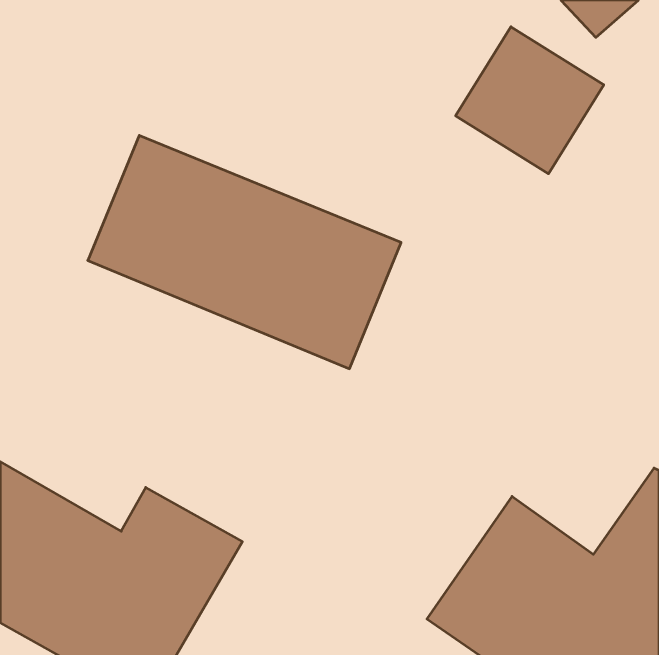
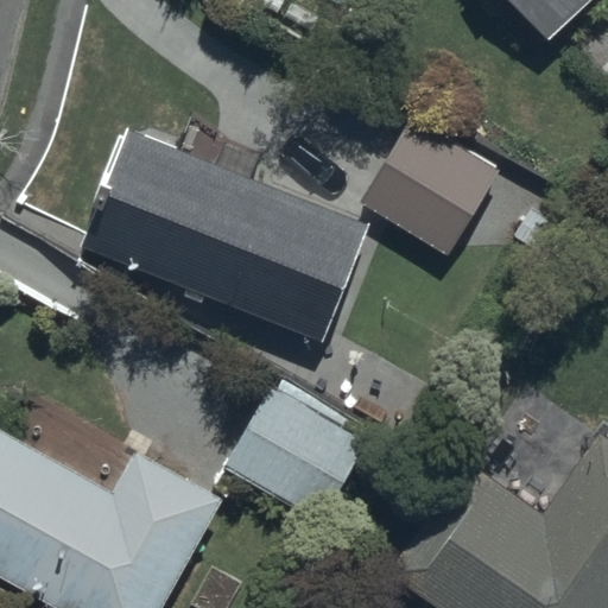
building: [456,27,604,174] -> [360,121,496,256]
building: none -> [223,385,369,524]

